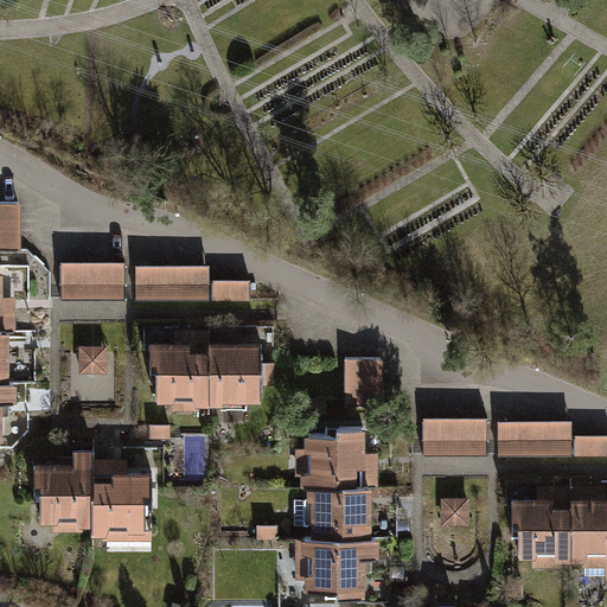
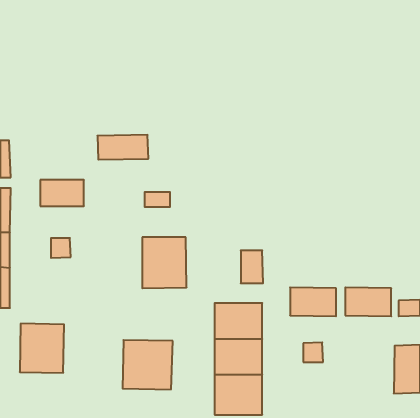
building: [132,262,205,298] -> [97,135,148,160]
building: [152,343,205,416] -> none
building: [91,468,164,539] -> [123,340,173,389]
building: [515,498,569,568] -> none

